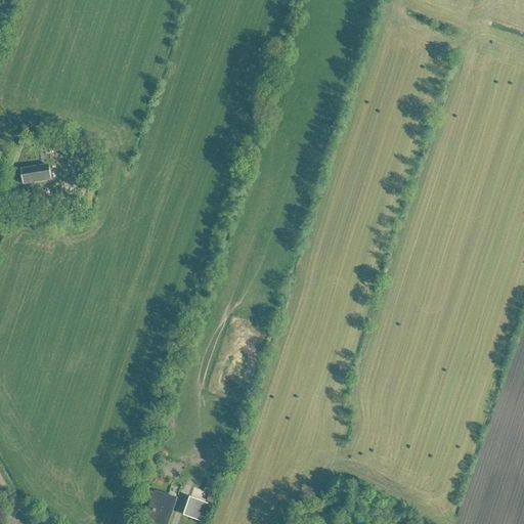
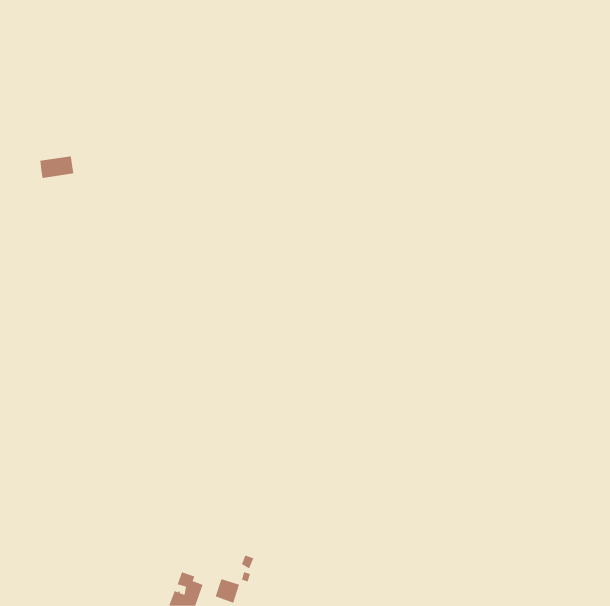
building: [20,163,50,182] -> [39,156,74,178]

